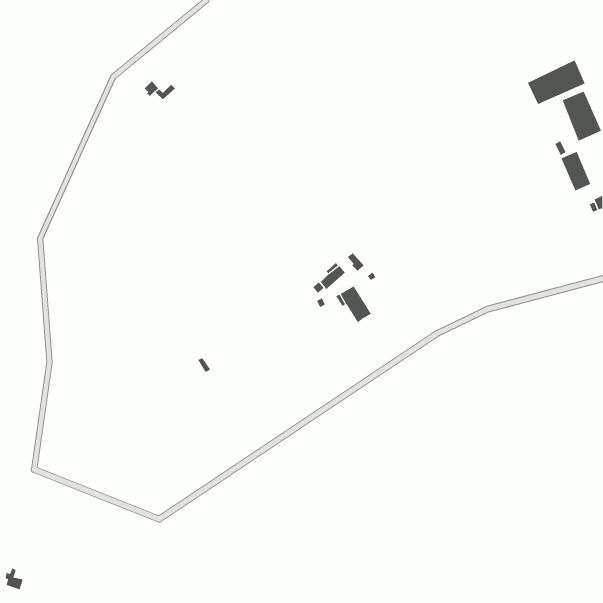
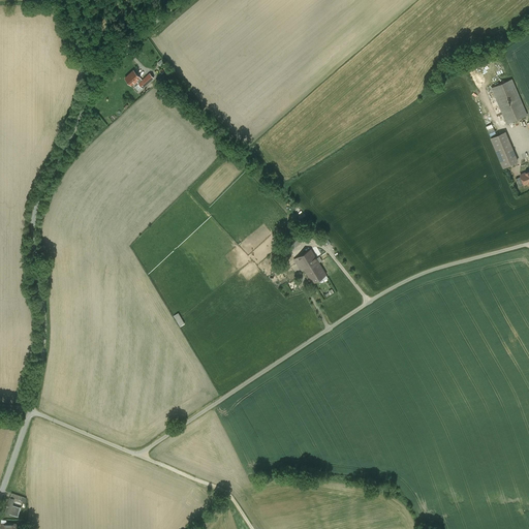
building: [527,60,585,105] -> none

